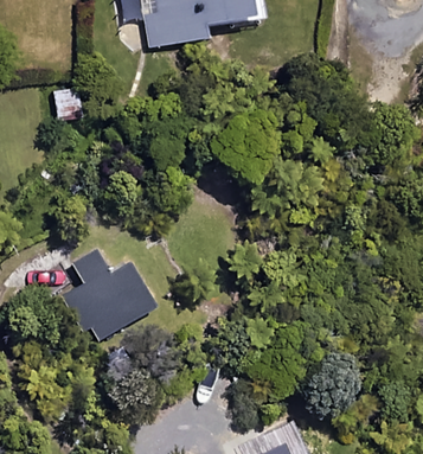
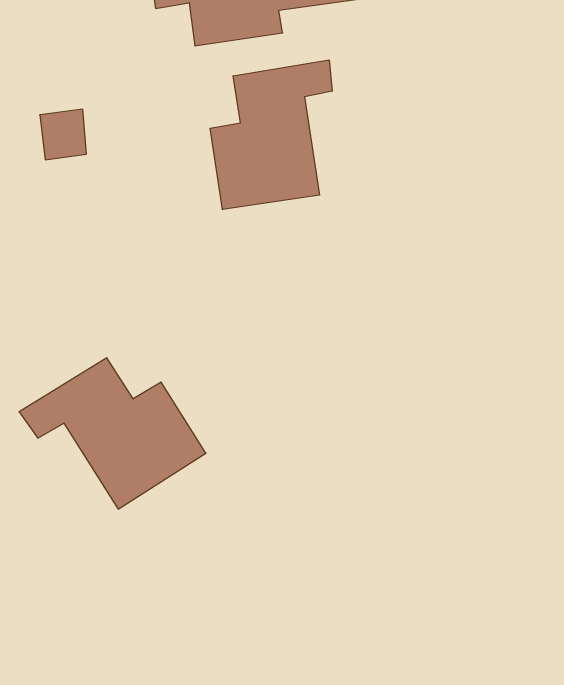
building: none -> [210,60,332,210]

